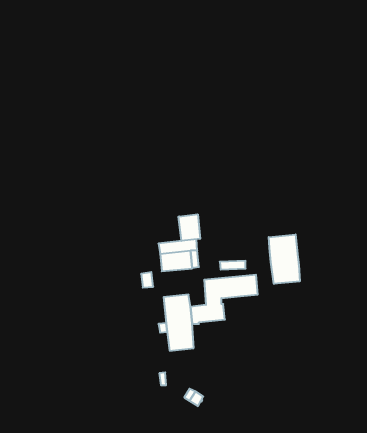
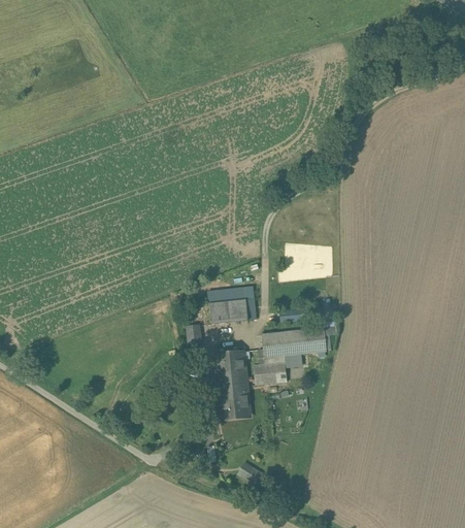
building: [178,214,200,241] -> none
building: [269,234,300,284] -> none

